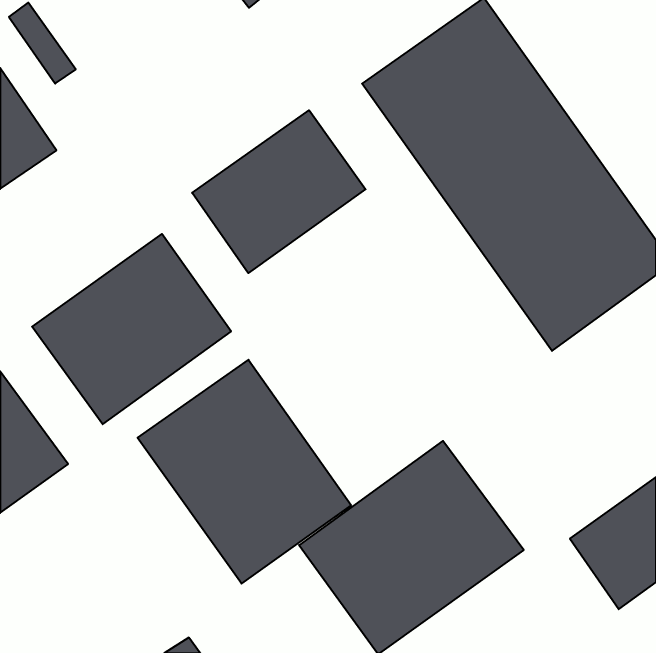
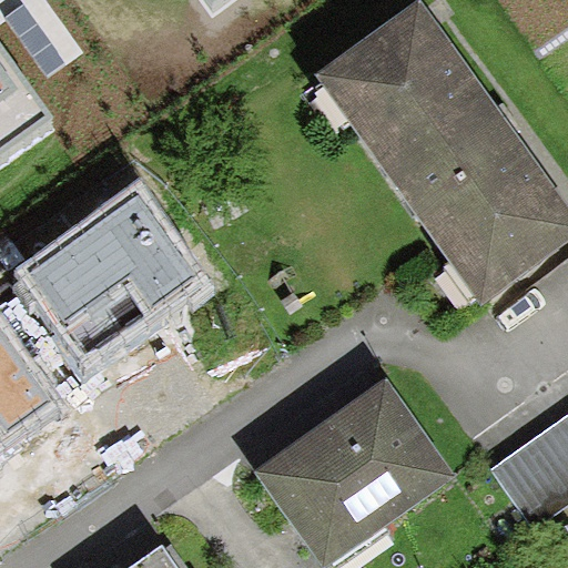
building: [192,110,366,273] -> none
building: [138,360,351,584] -> none

